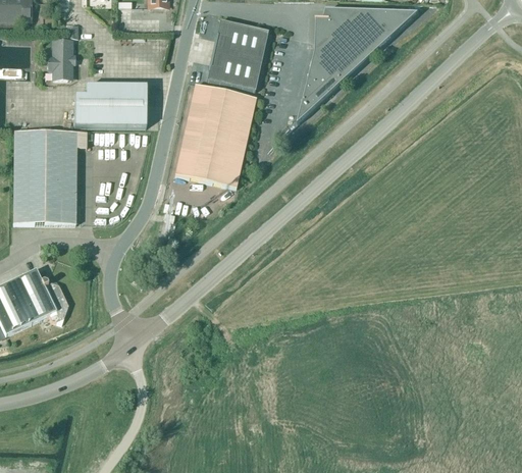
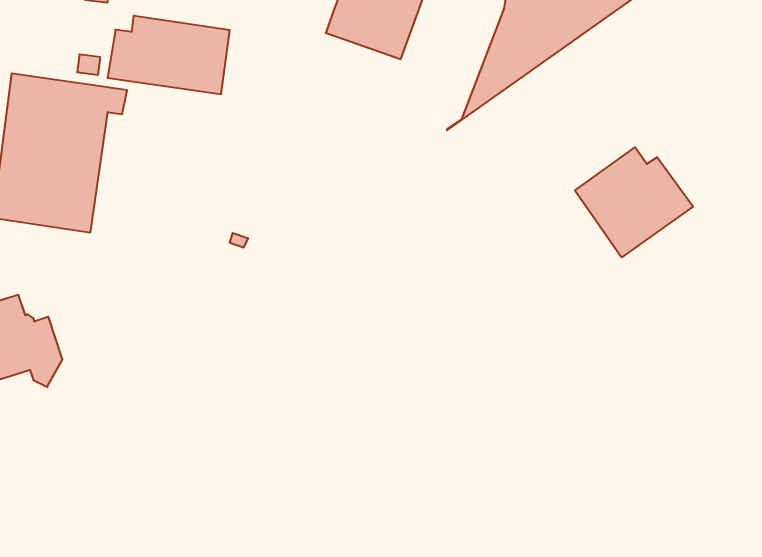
building: [174,84,256,188] -> none
building: none -> [575,147,693,257]

